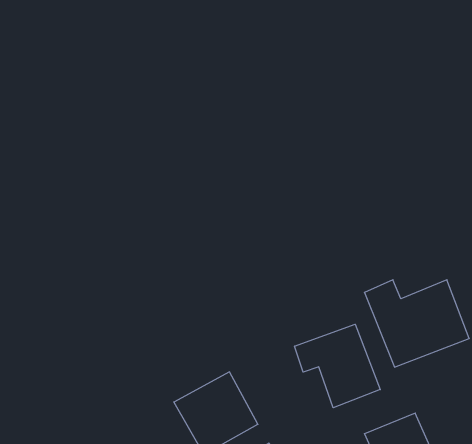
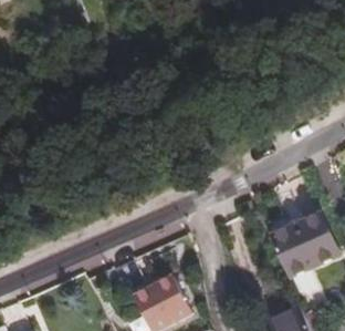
building: [295,324,380,408] -> none

